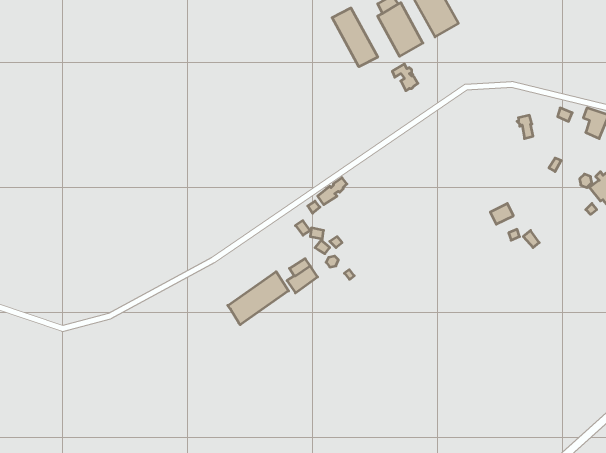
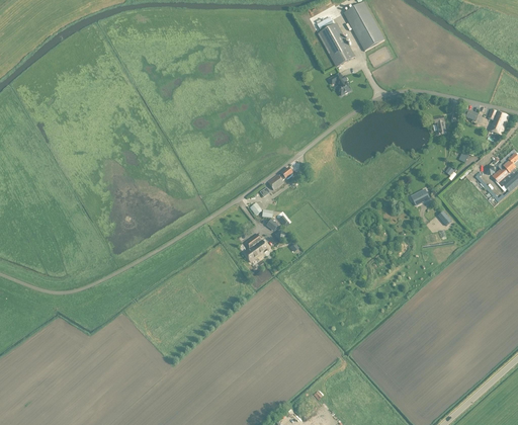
building: [332,8,378,67] -> none
building: [228,272,289,325] -> none

